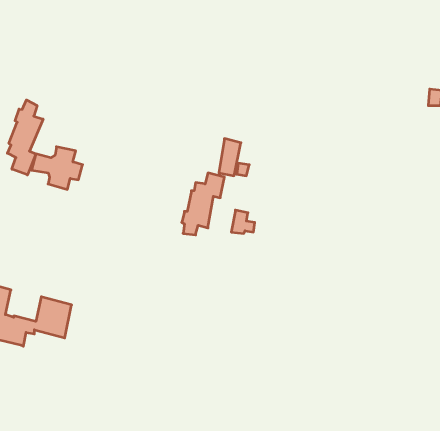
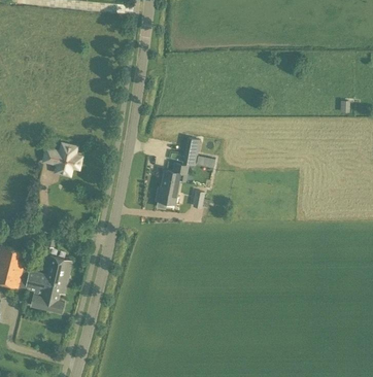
building: [7,100,43,175] -> none
building: none -> [30,280,67,312]

